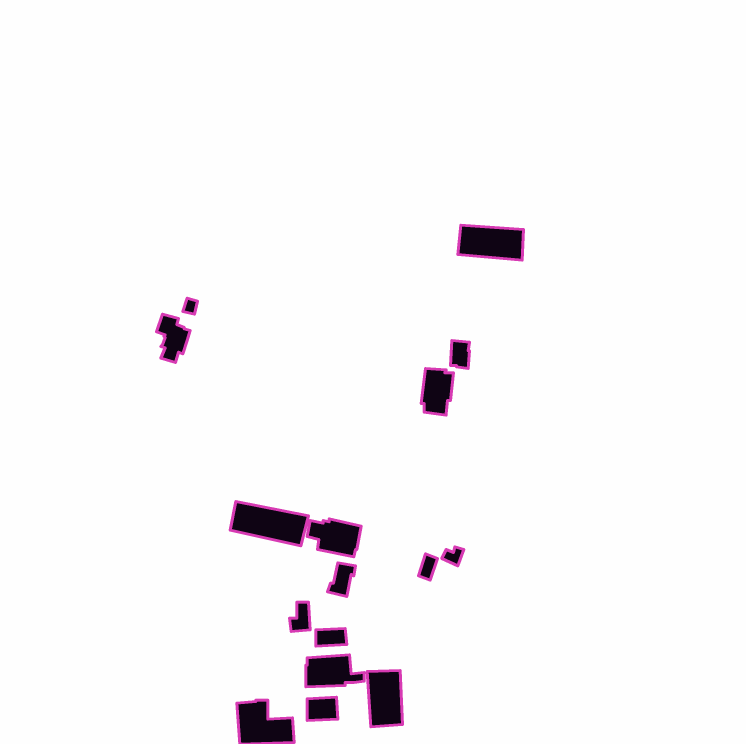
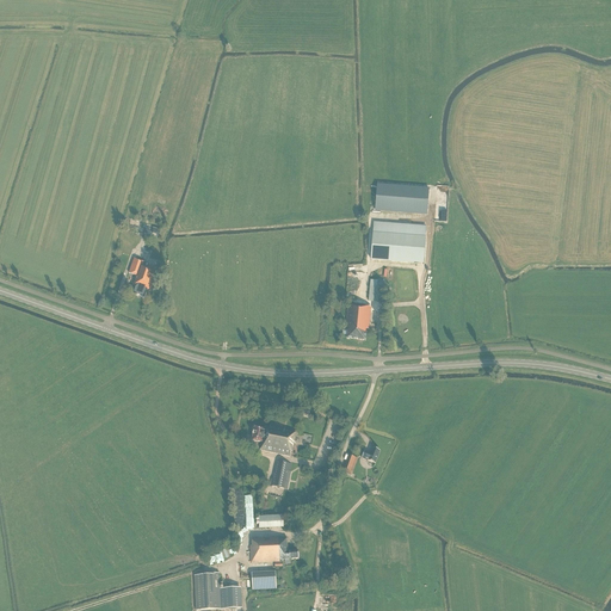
building: none -> [369,220,425,260]
building: [230,501,308,546] -> none
building: [367,670,403,727] -> none

